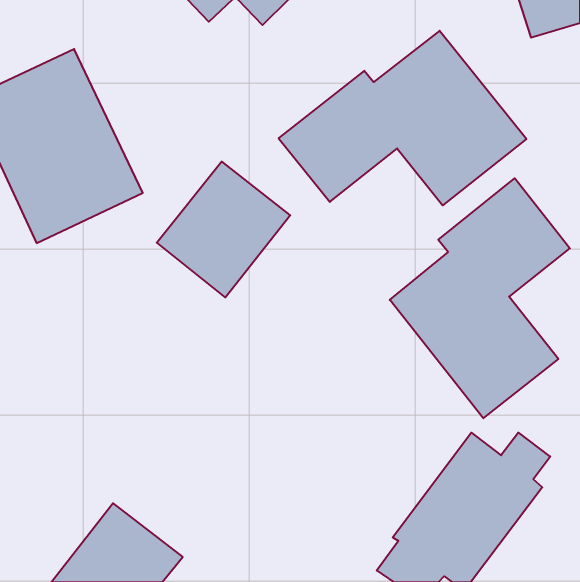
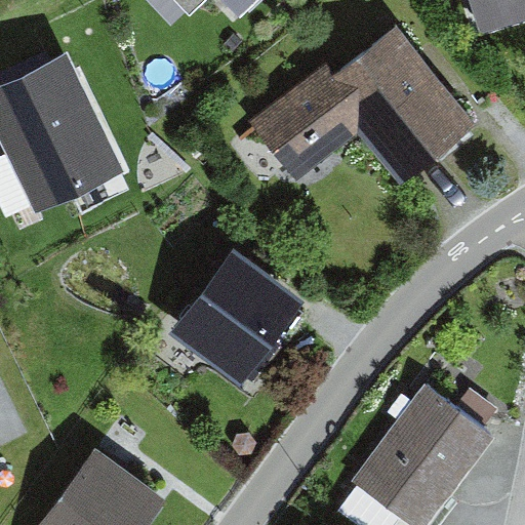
building: [157,162,290,297] -> [173,258,293,380]
building: [390,178,570,418] -> none

